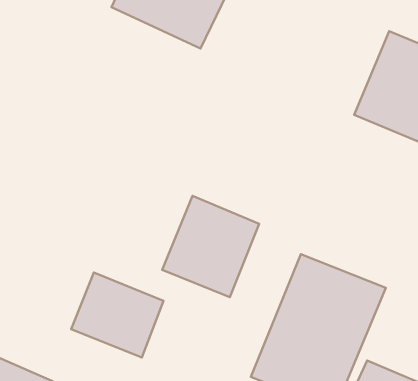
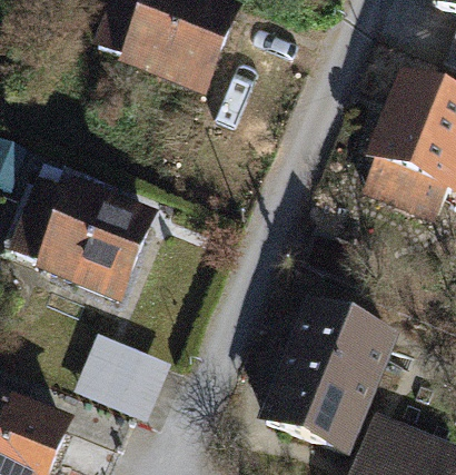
building: none -> [23,180,149,300]
building: [162,196,259,297] -> none

